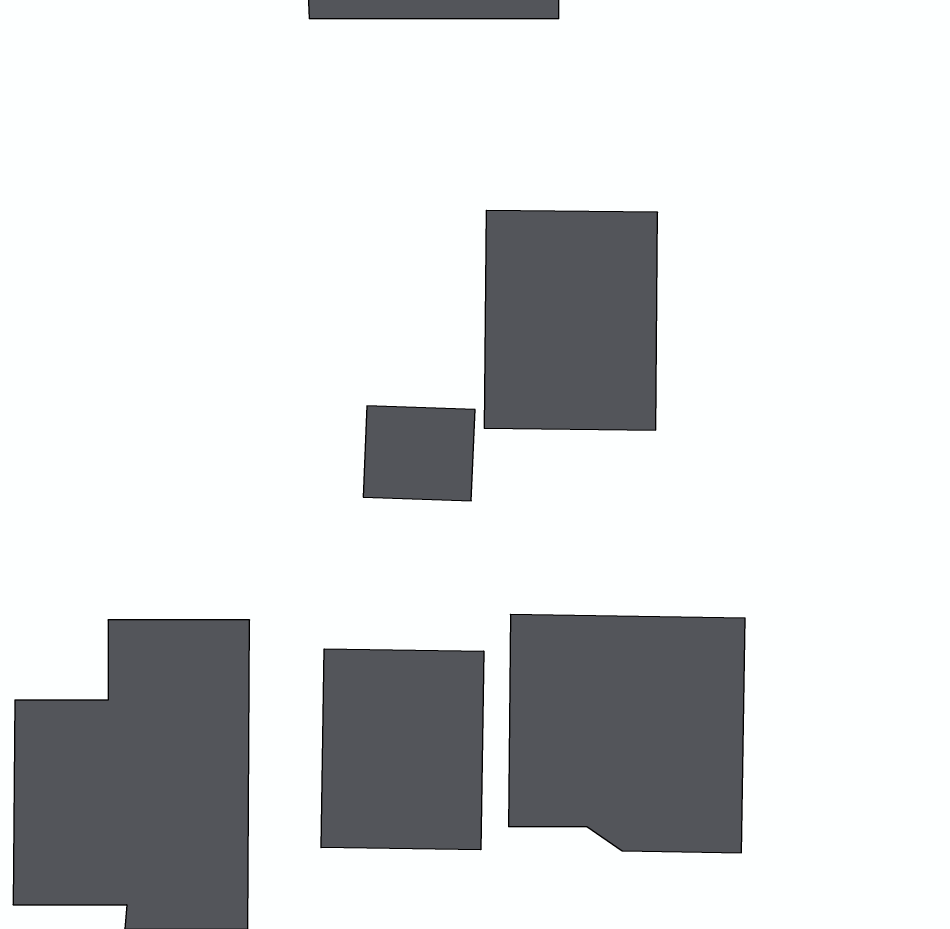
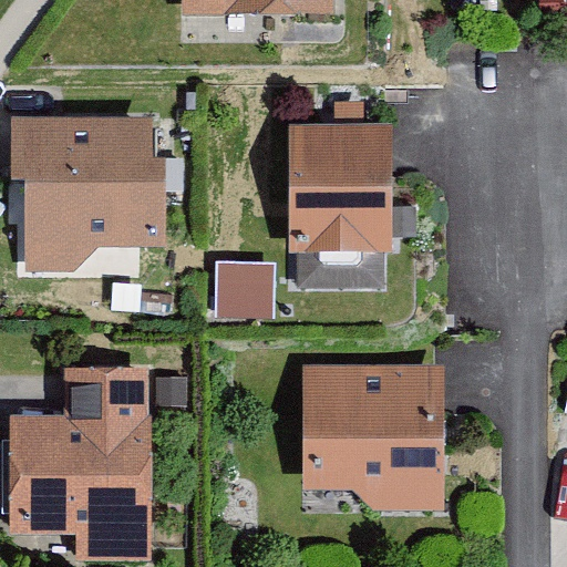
building: none -> [8,115,168,270]
building: [321,649,484,850] -> none

